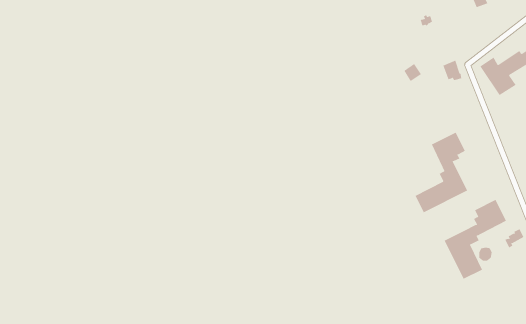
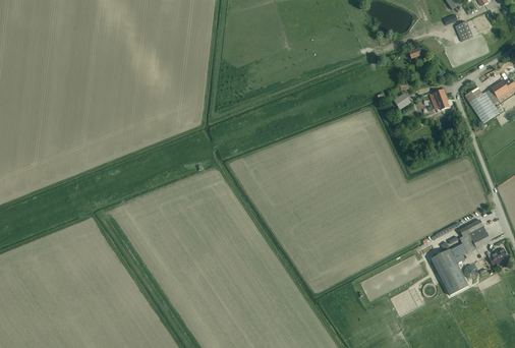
building: [415,132,468,213] -> none

